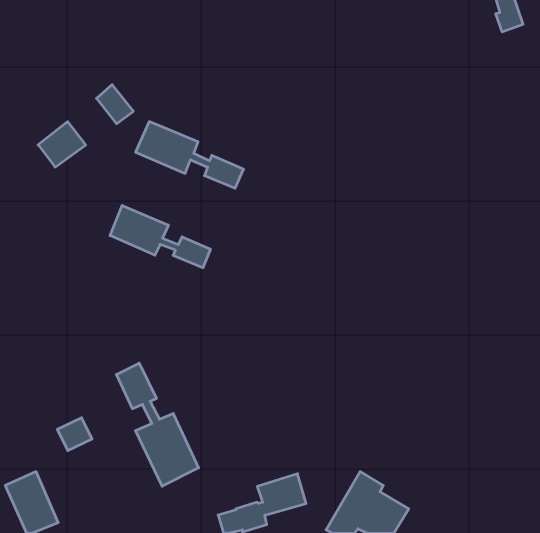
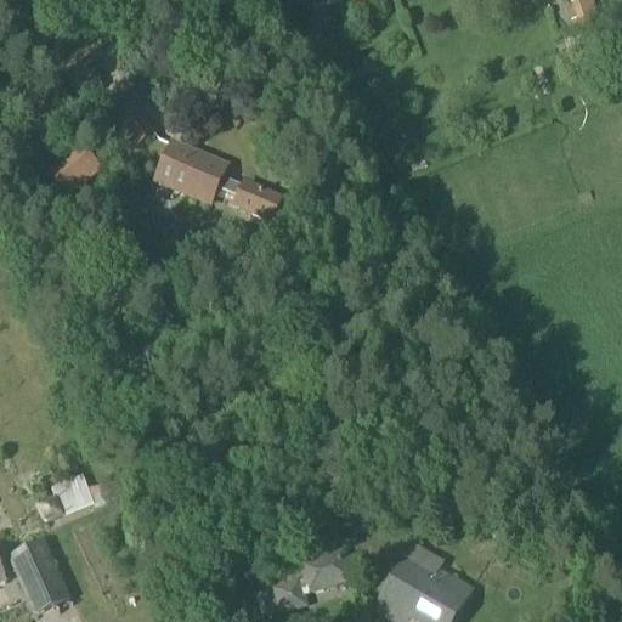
building: [110,205,210,268] -> none
building: [116,363,199,486] -> none

